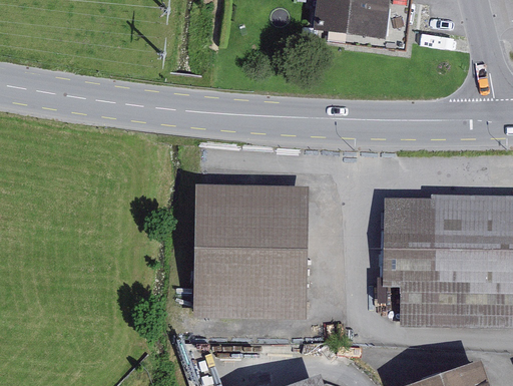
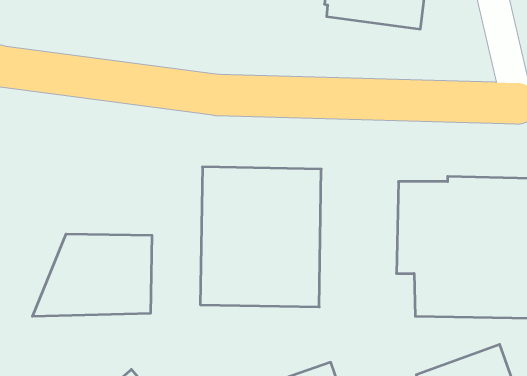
building: none -> [32,234,152,316]

